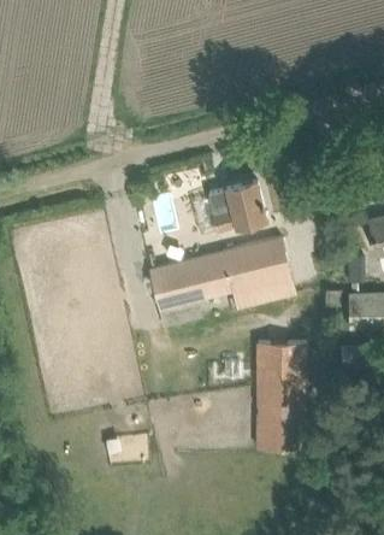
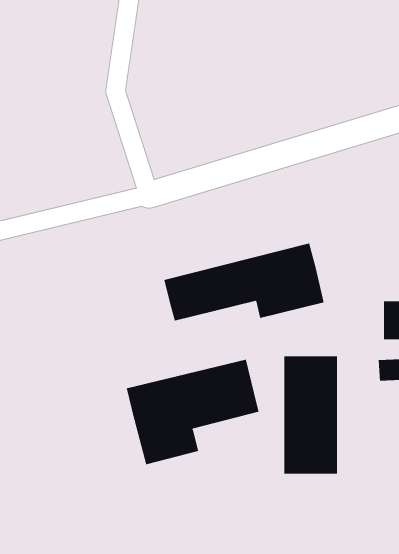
building: [193,181,265,233] -> none
building: none -> [126,359,259,465]

